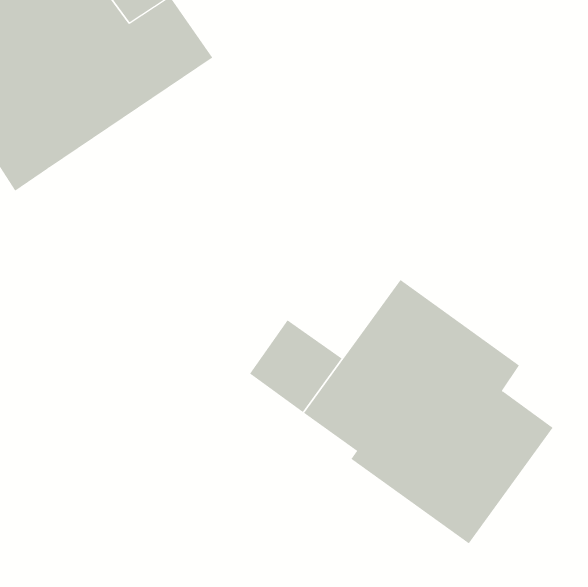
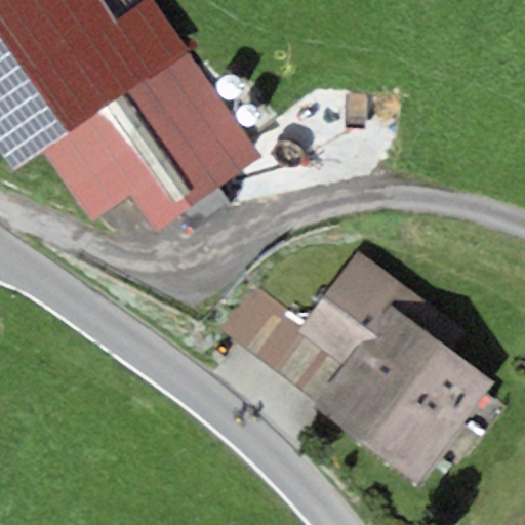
building: none -> [43,51,261,230]

